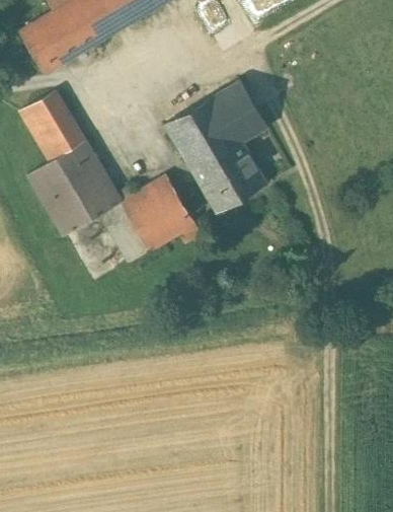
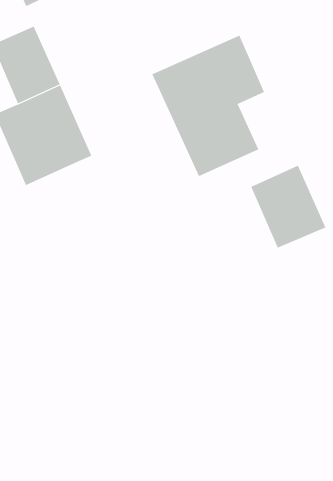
building: [108,175,194,264] -> none
building: none -> [250,165,326,248]

